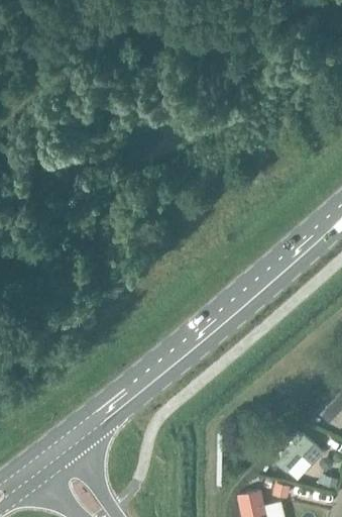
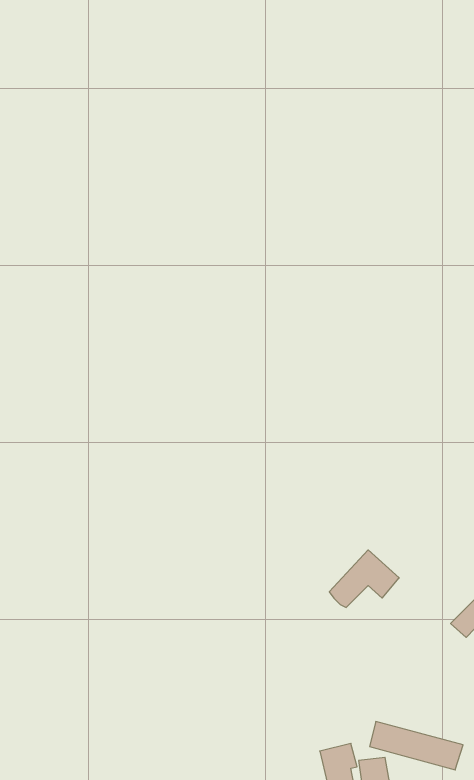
building: [276,433,322,471] -> [329,550,399,607]

